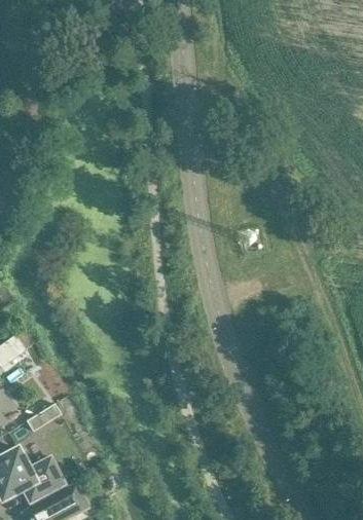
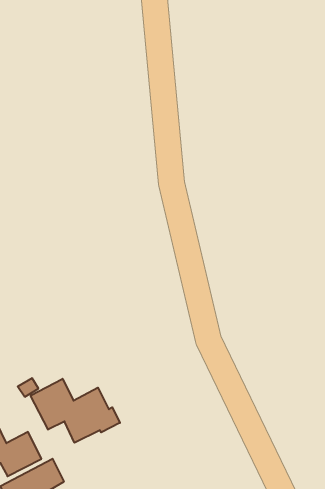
building: none -> [31,379,120,443]

